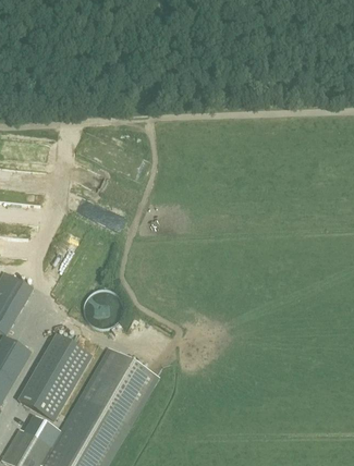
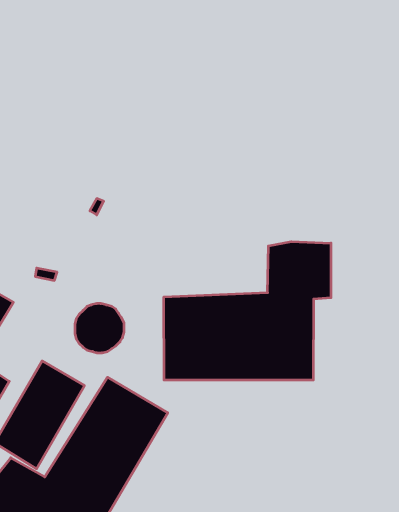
building: none -> [164,242,331,380]

